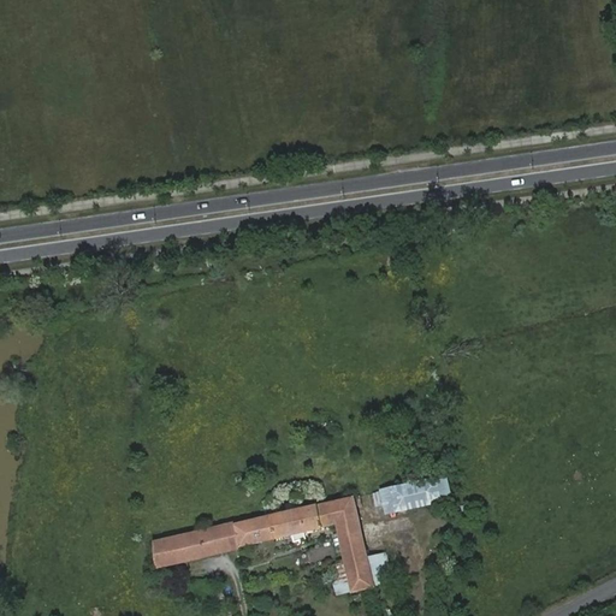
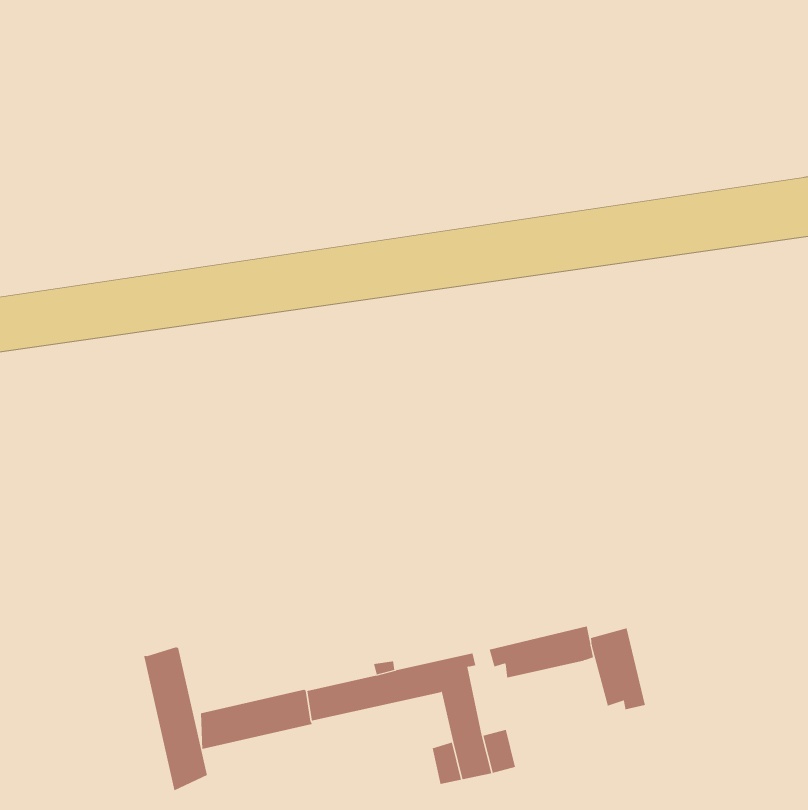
building: none -> [590,628,646,710]
building: none -> [144,646,207,791]

